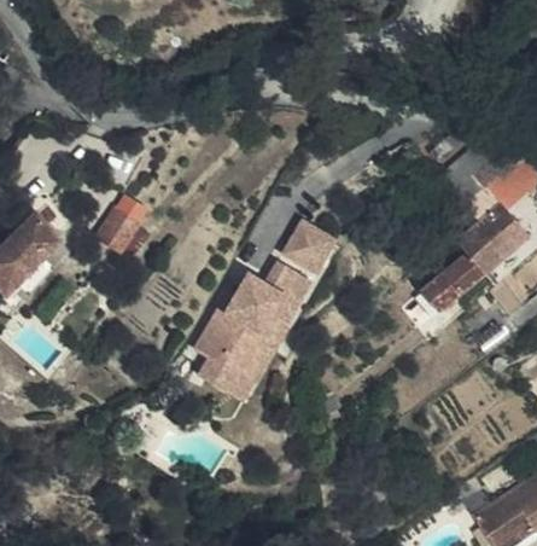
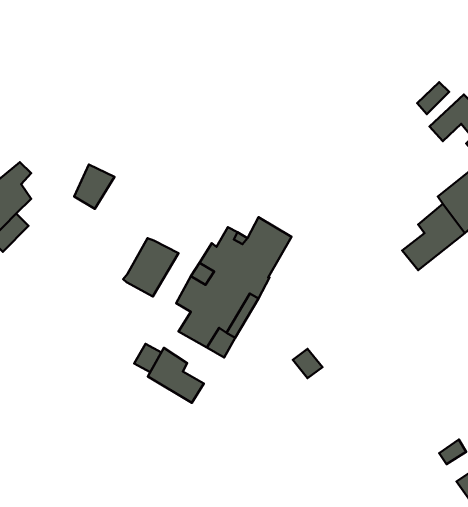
building: [286,217,338,269] -> none
building: none -> [123,238,179,296]
building: none -> [148,348,204,403]

